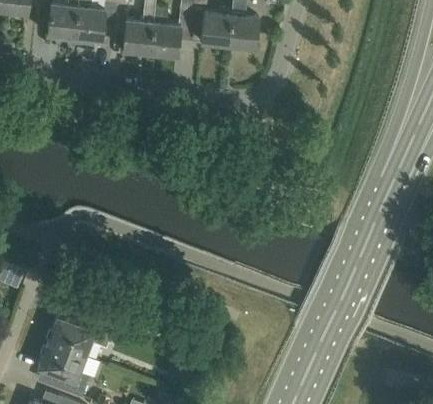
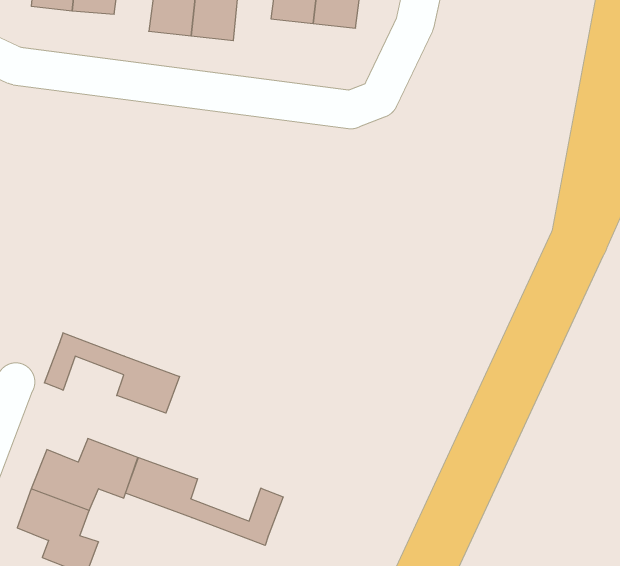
building: none -> [44,333,180,413]
building: none -> [125,458,283,545]

